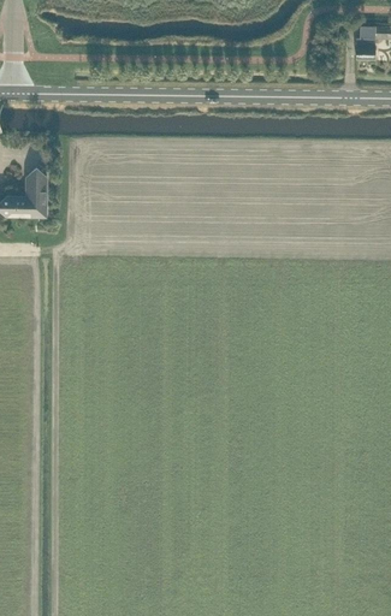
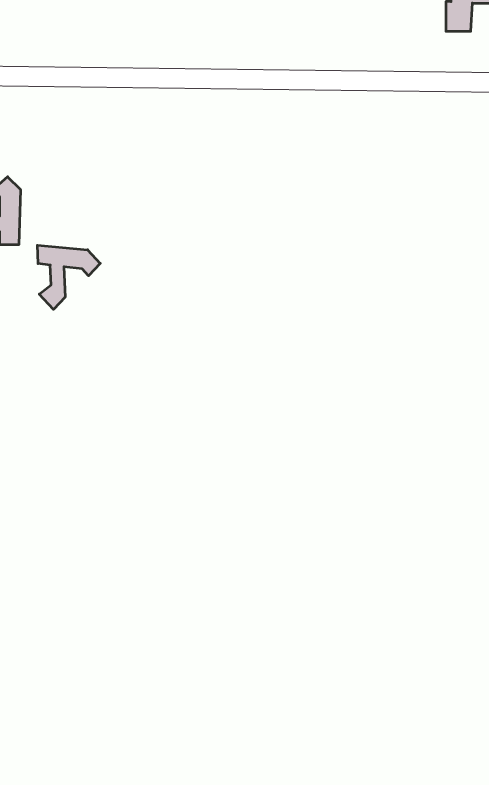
building: none -> [37,245,100,309]

